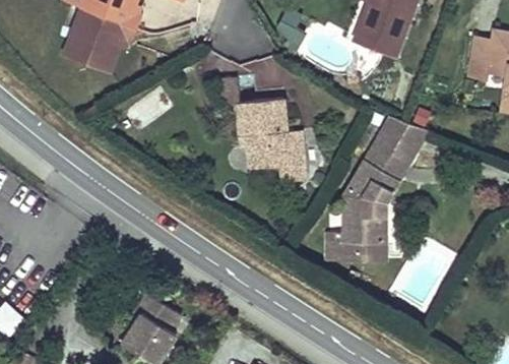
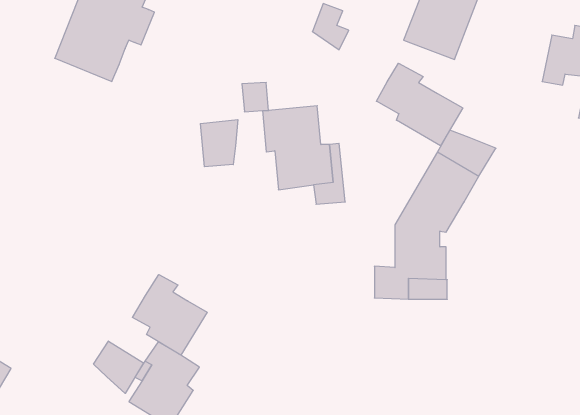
building: none -> [376,63,463,146]
building: none -> [200,120,238,167]
building: none -> [132,275,207,355]
building: none -> [94,341,144,393]

